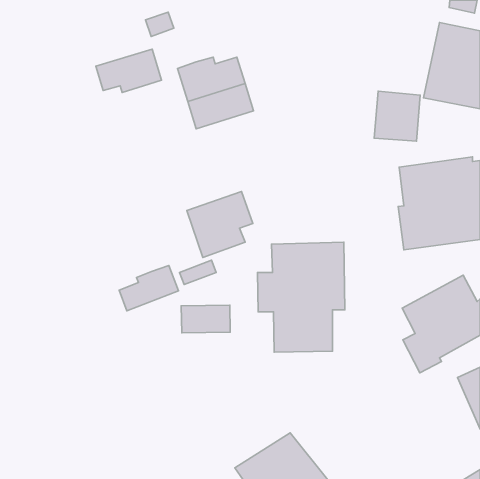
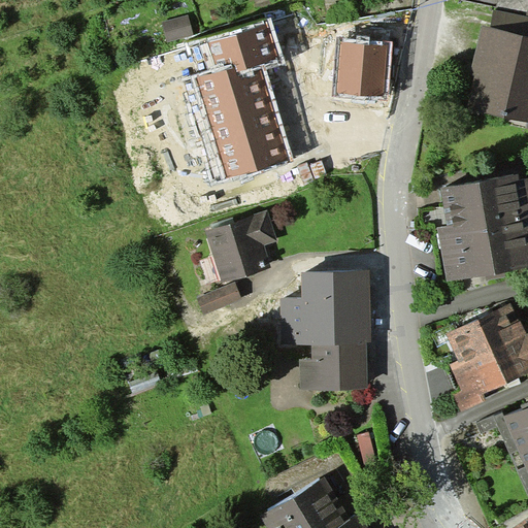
building: [96,49,161,92] -> [207,24,279,71]
building: [374,91,420,141] -> [337,43,388,98]
building: none -> [216,123,291,182]
building: [119,265,179,311] -> none
building: [181,305,230,333] -> none

